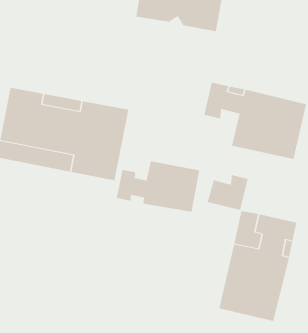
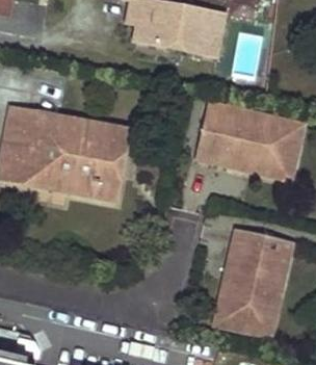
building: [116,160,200,212] -> none
building: [207,174,248,211] -> [194,131,235,166]

